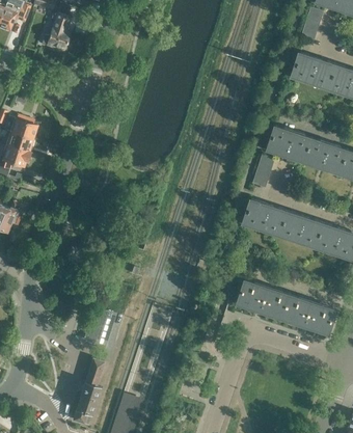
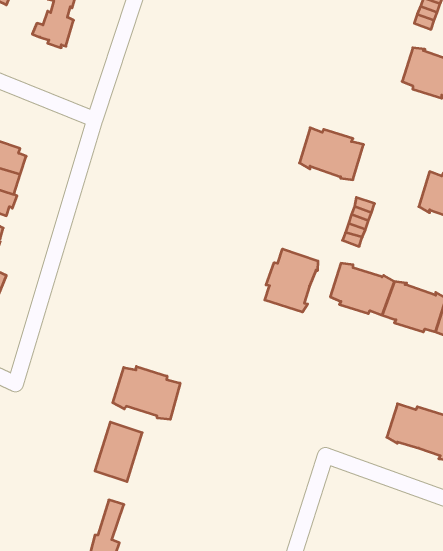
building: [268,126,311,161] -> [299,128,364,180]
building: none -> [265,249,318,312]
building: none -> [113,366,180,419]
building: [238,280,290,318] -> none

